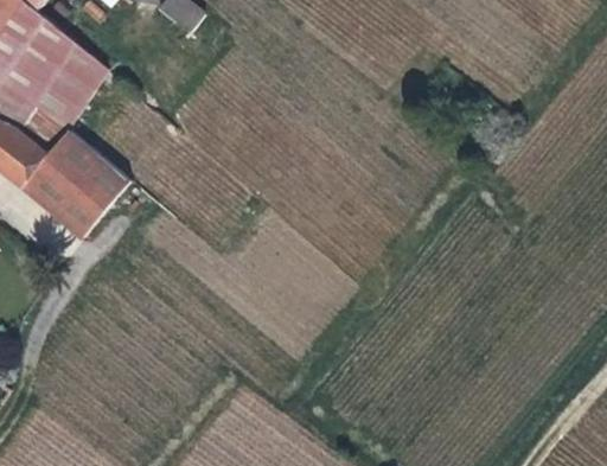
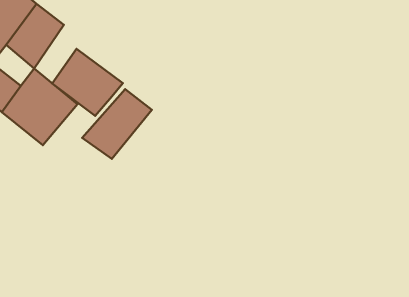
building: none -> [52,49,123,116]
building: none -> [82,89,152,159]

